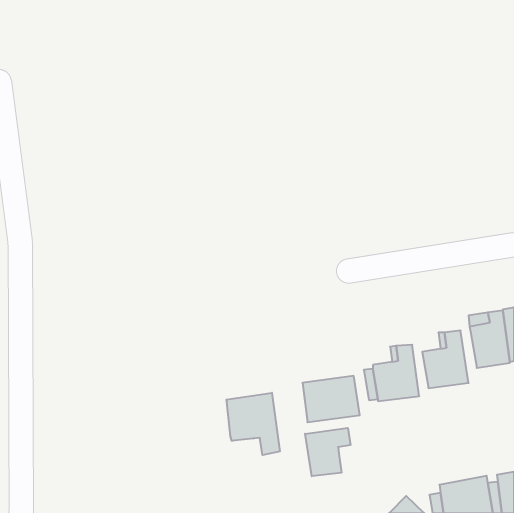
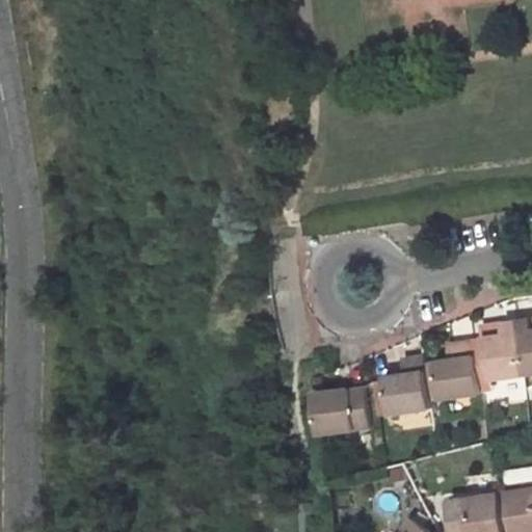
building: [226,393,280,455] -> none
building: [305,428,350,476] -> none

